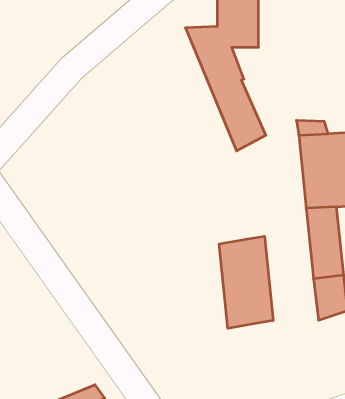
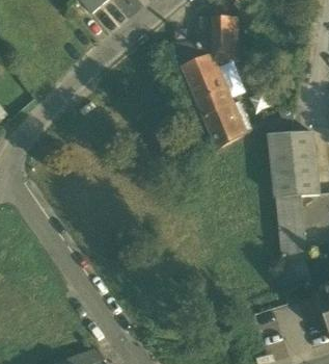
building: [219,236,273,328] -> none

